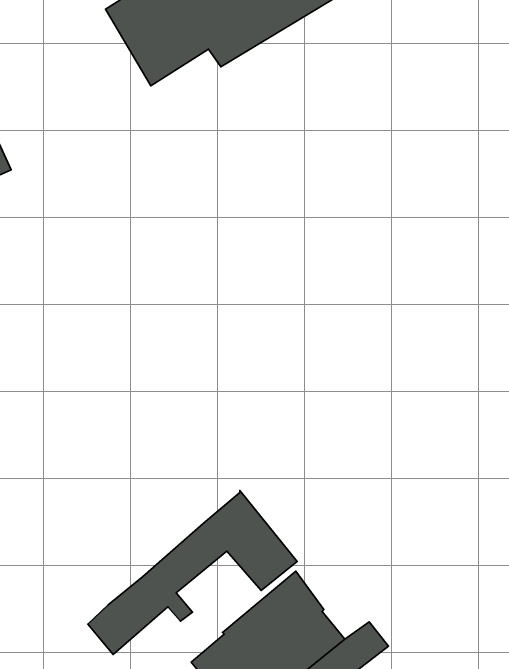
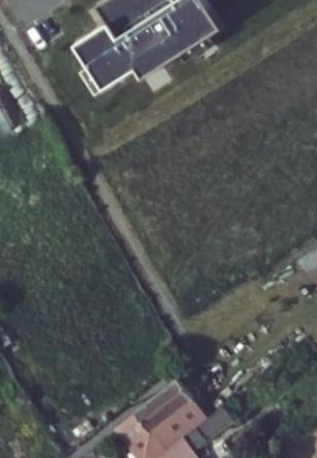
building: [88,491,297,655] -> none

